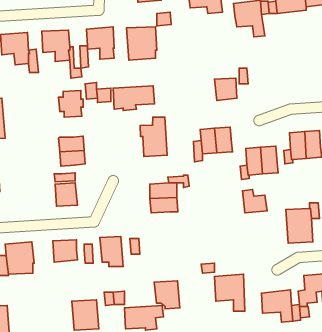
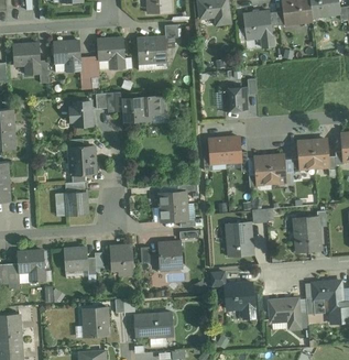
building: [140,117,167,156] -> none
building: none -> [225,221,252,257]
building: [154,281,180,309] -> [156,241,182,269]

